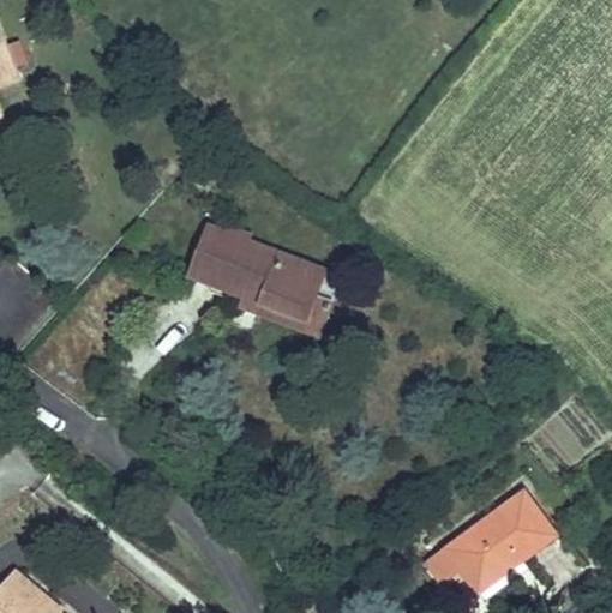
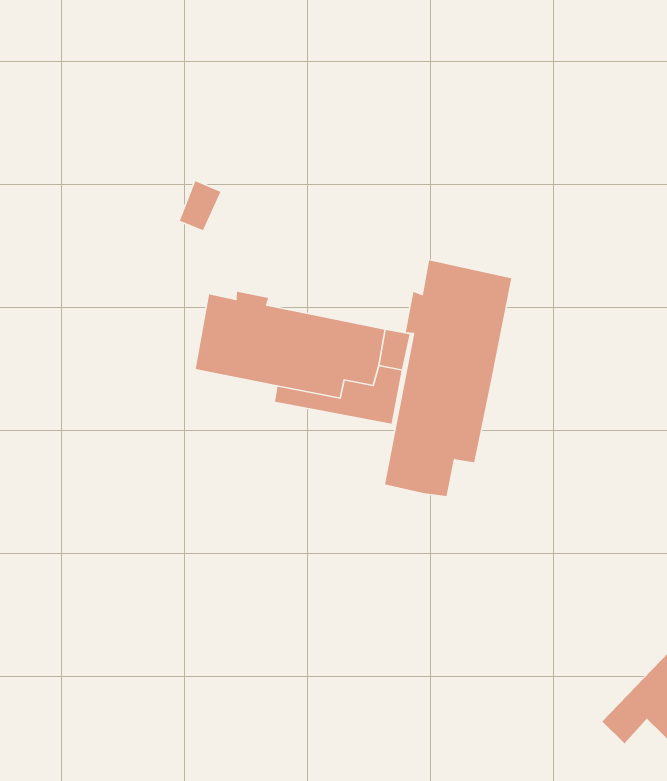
building: none -> [384,259,512,497]

